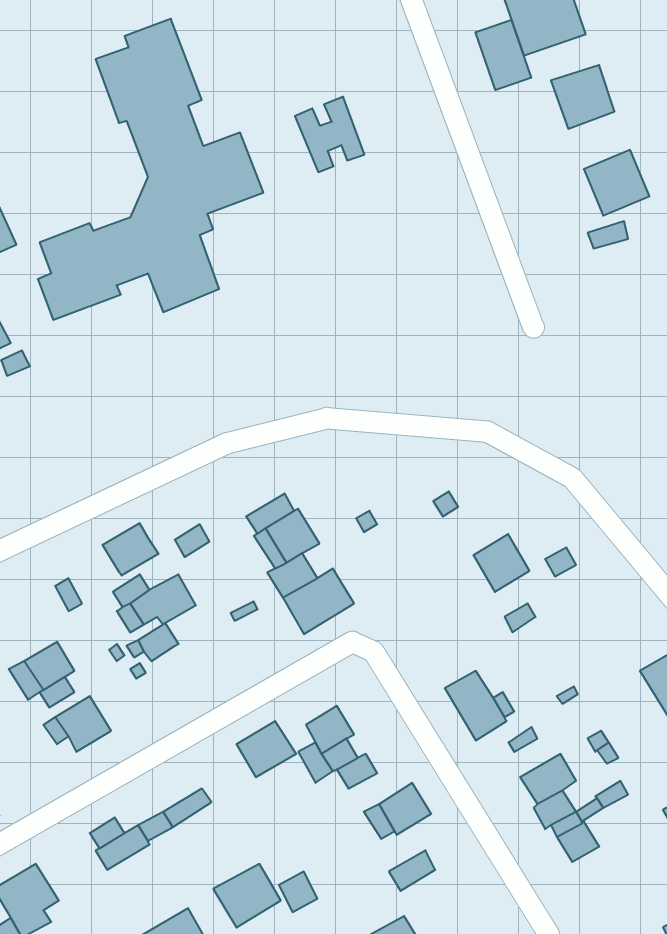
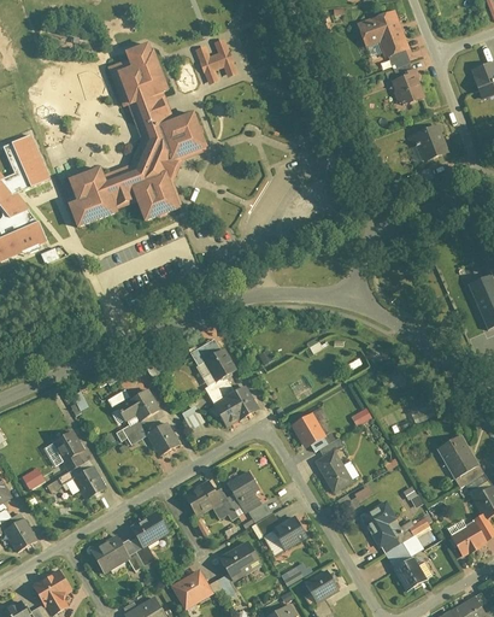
building: [476,20,531,90] -> none
building: [295,97,364,172] -> [194,39,237,86]
building: [103,523,158,576] -> none
building: [473,534,529,592] -> [293,410,328,446]
building: none -> [148,419,182,453]
building: none -> [220,539,263,578]
building: none -> [395,554,429,589]
building: none -> [308,568,340,600]

